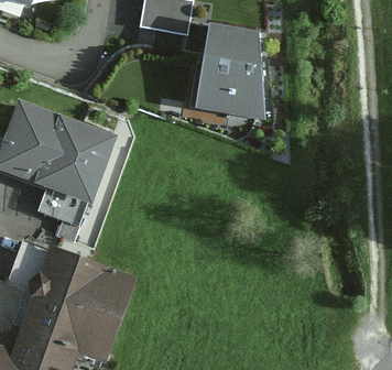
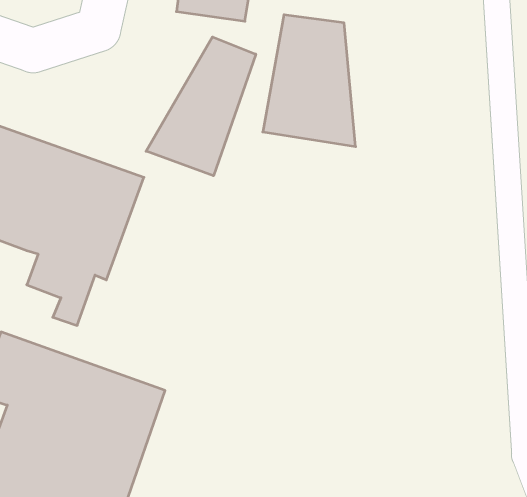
building: none -> [146,37,256,176]

